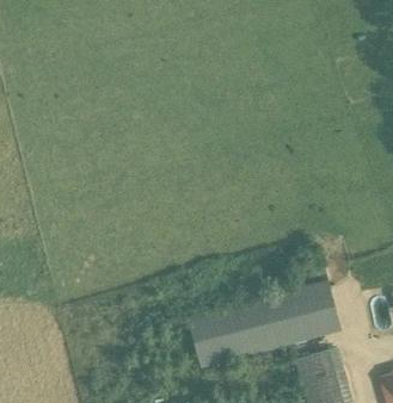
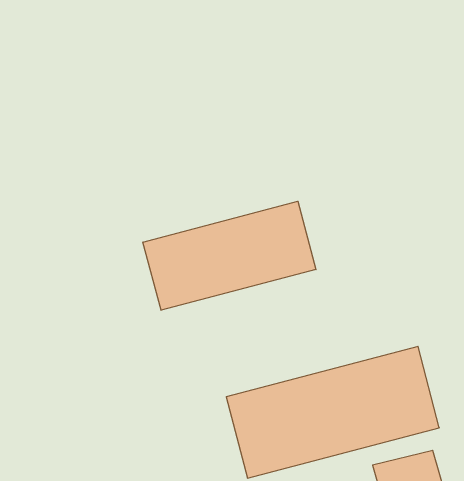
building: none -> [143,201,316,310]

